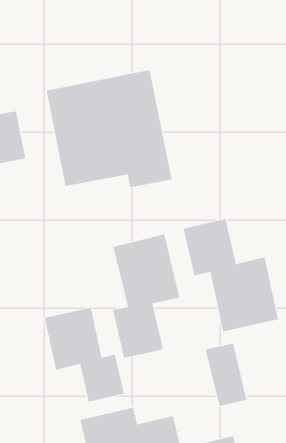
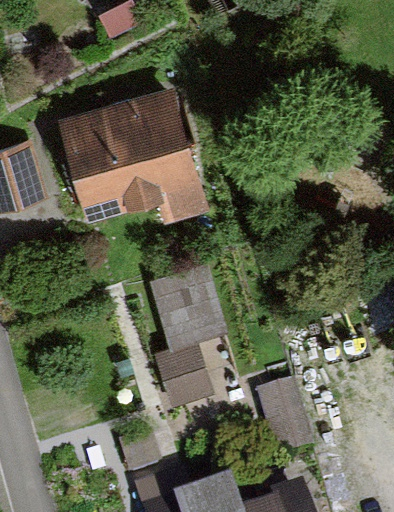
building: [183,218,279,332] -> none
building: [44,307,125,402] -> none

